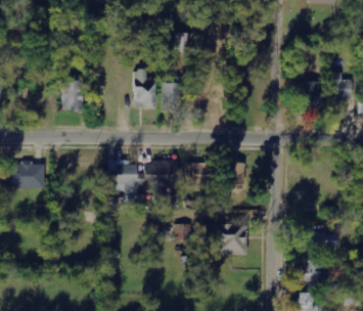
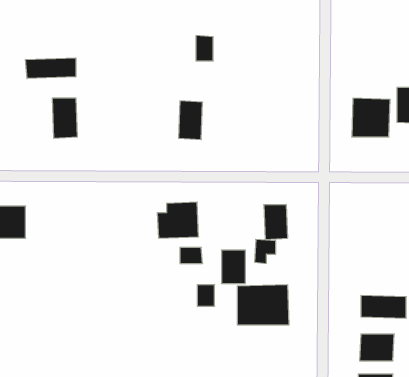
building: none -> [25,58,76,79]
building: [134,69,155,106] -> none
building: [109,161,139,192] -> none
building: [187,163,206,188] -> [221,250,245,283]

